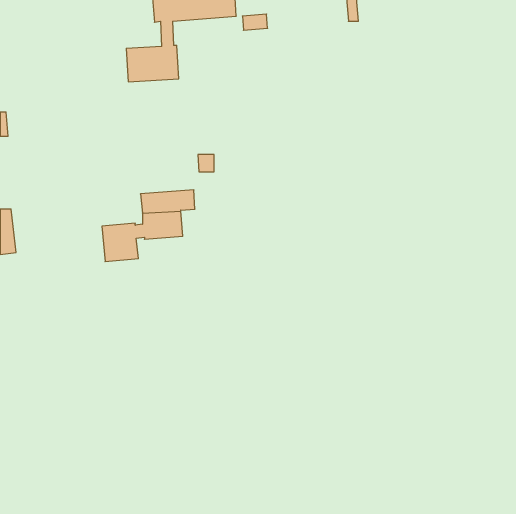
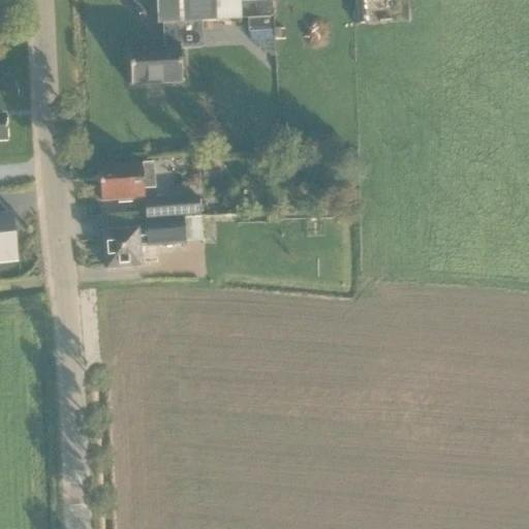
building: none -> [99,163,155,201]

